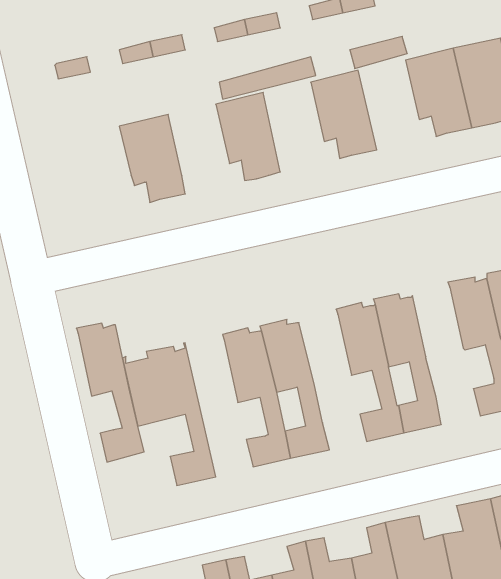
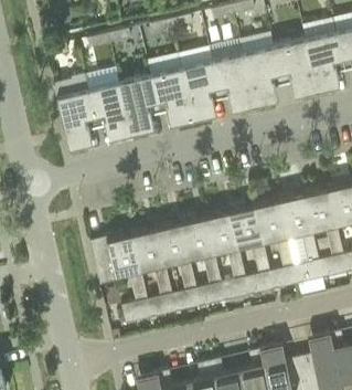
building: none -> [243,46,282,105]
building: none -> [181,61,221,119]
building: none -> [53,74,97,148]
building: none -> [119,75,159,134]
building: none -> [277,193,322,284]
building: none -> [204,210,248,301]
building: [76,323,144,462] -> [130,228,174,318]

